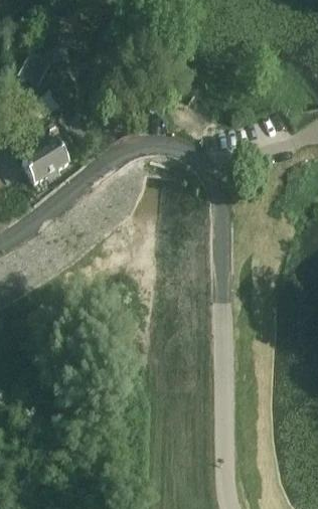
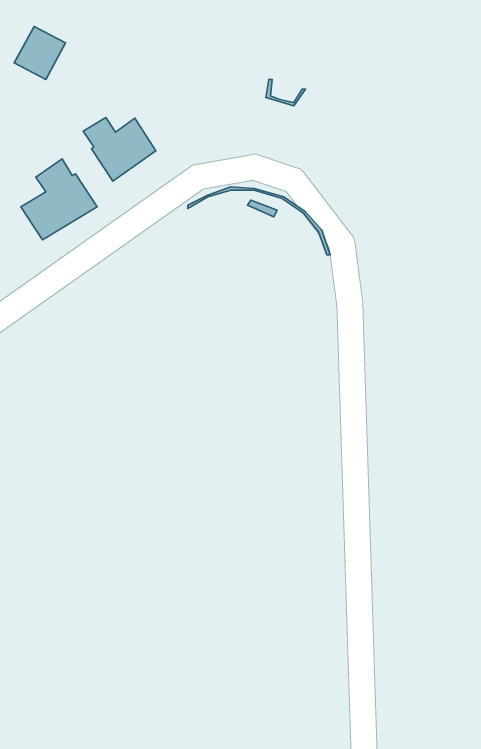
building: none -> [83,117,156,181]

